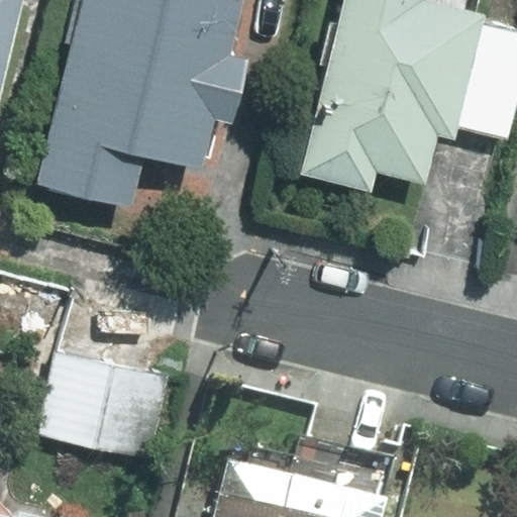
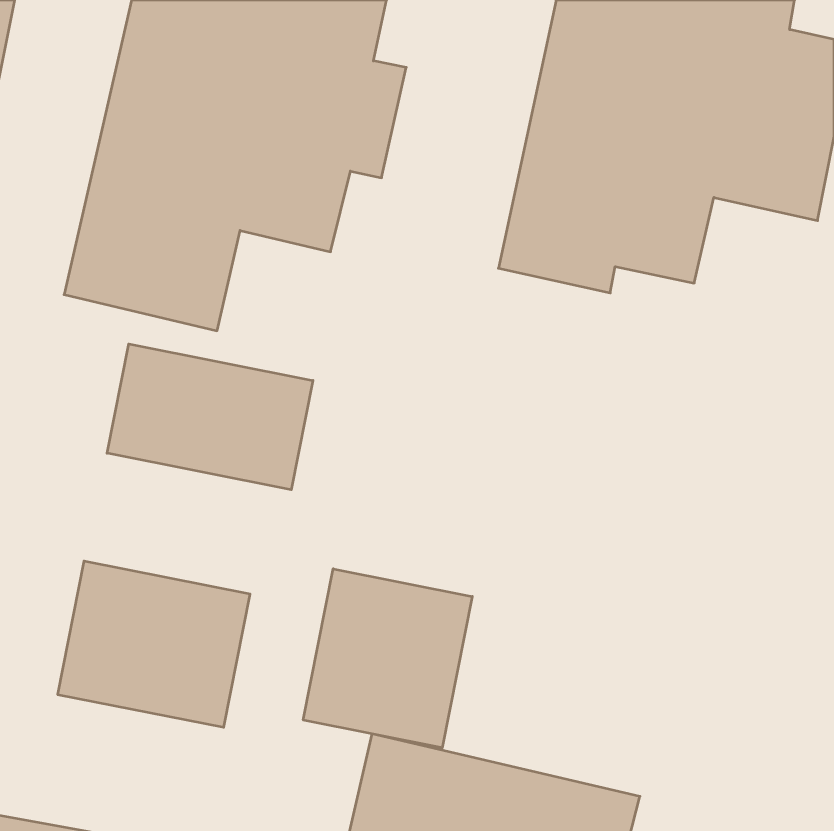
building: none -> [107,344,313,490]
building: none -> [303,569,472,748]

